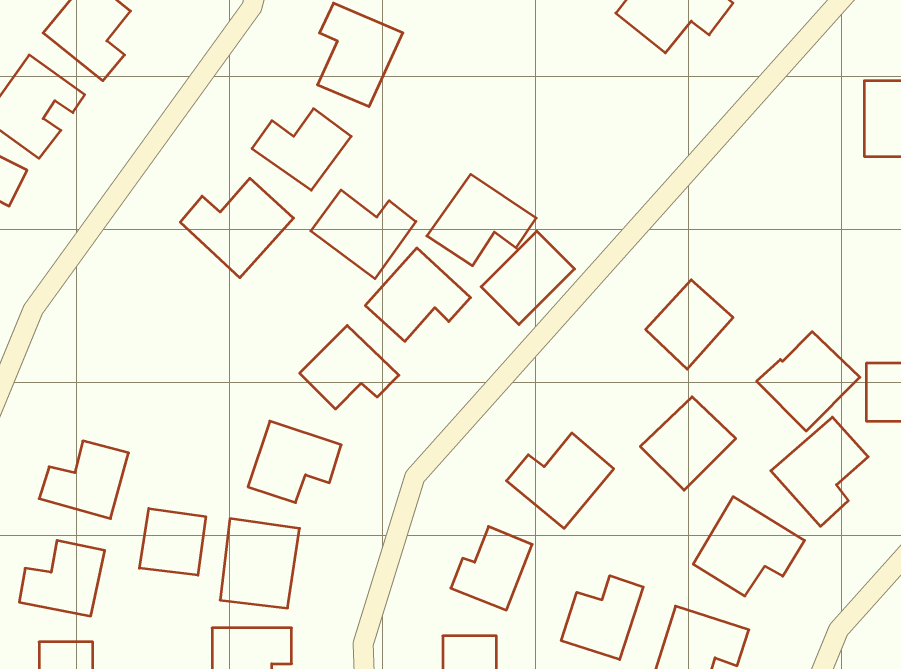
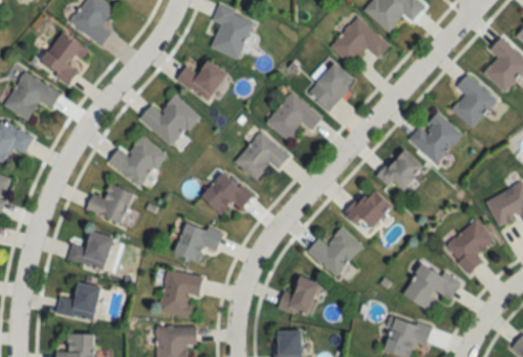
building: none -> [330,15,389,64]
building: none -> [451,73,496,127]
building: [311,190,416,279] -> none
building: [481,231,575,325] -> [307,62,355,110]
building: none -> [107,136,165,186]
building: [757,332,860,431] -> [408,111,462,163]
building: none -> [85,183,134,224]
building: [640,397,736,490] -> [343,185,392,233]
building: [139,508,206,575] -> none
building: [561,576,643,660] -> none

